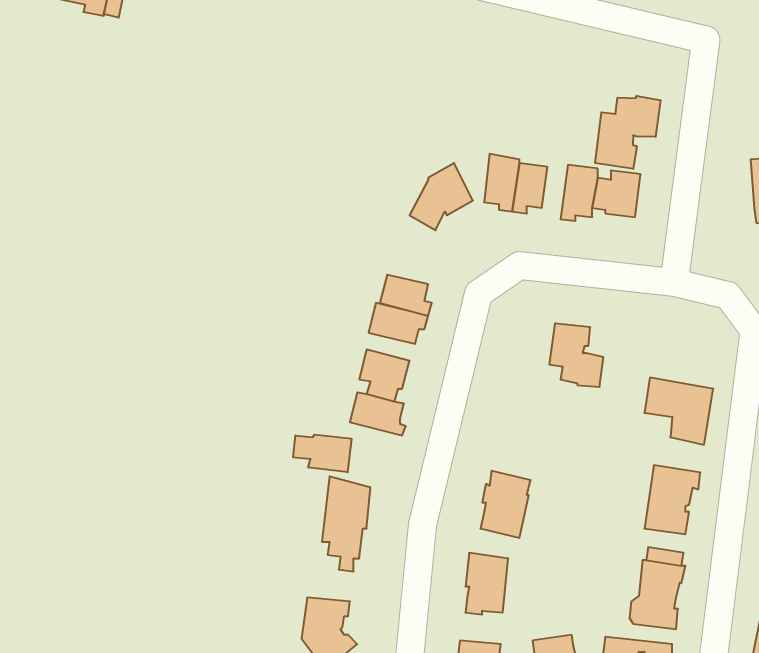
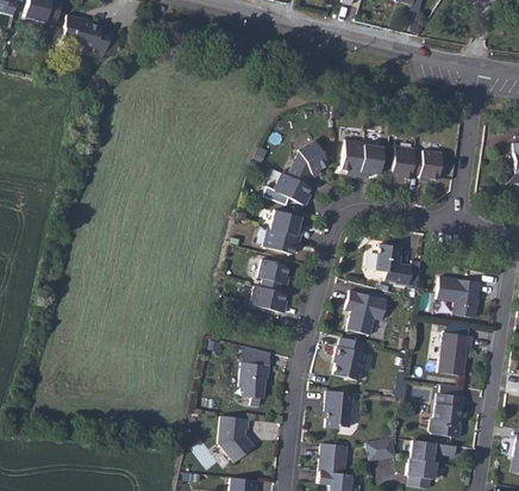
building: [595,96,660,169] -> none
building: none -> [275,170,312,204]
building: none -> [348,290,389,334]
building: [293,435,351,472] -> none

